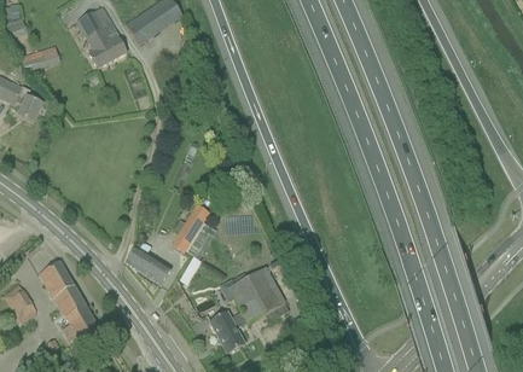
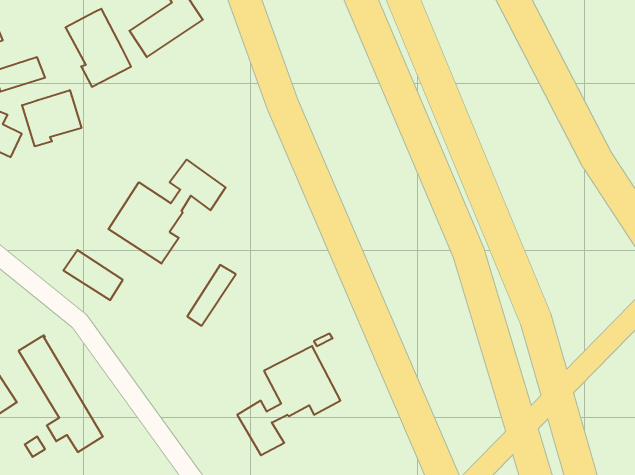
building: none -> [22,90,81,146]
building: none -> [109,160,226,264]
building: [124,245,170,284] -> [63,250,123,300]

